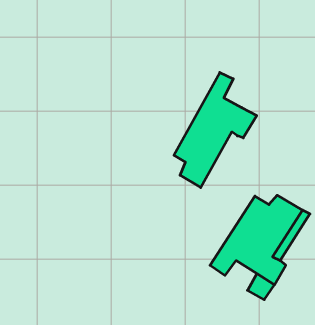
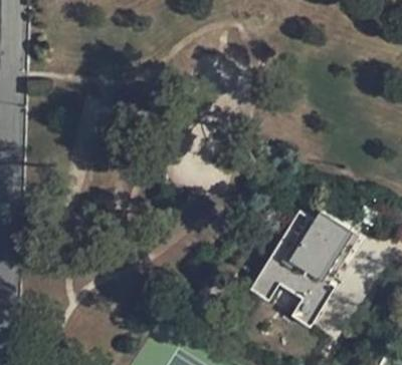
building: [174,72,257,188] -> none

